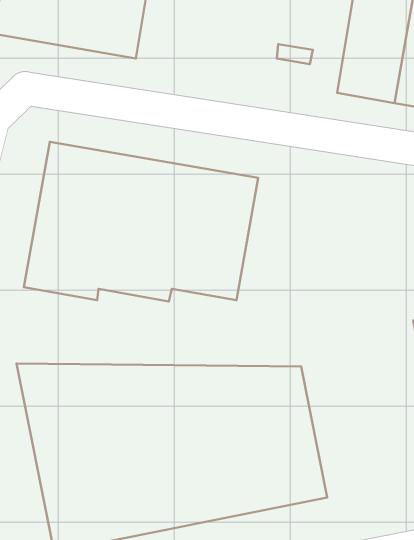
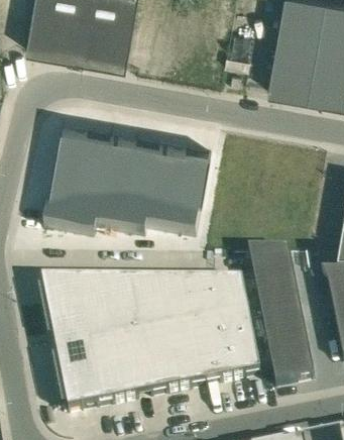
building: none -> [248,249,315,386]

